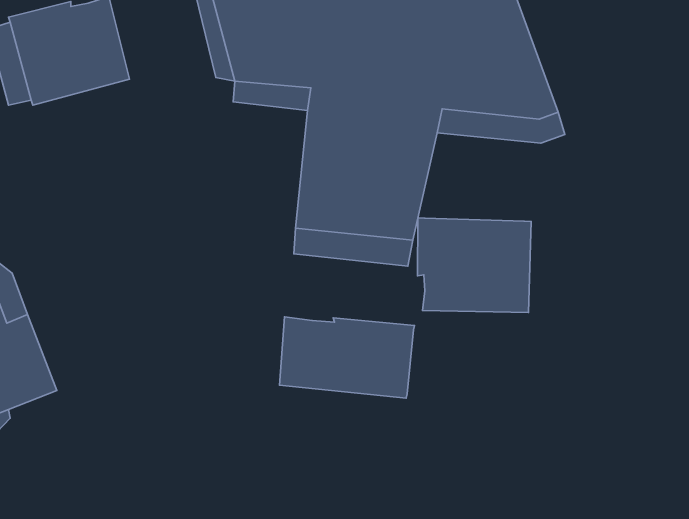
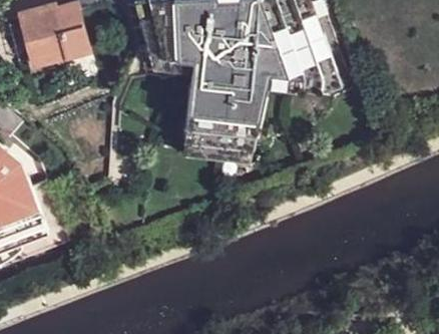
building: [418,218,531,313] -> none
building: [279,317,414,398] -> none

